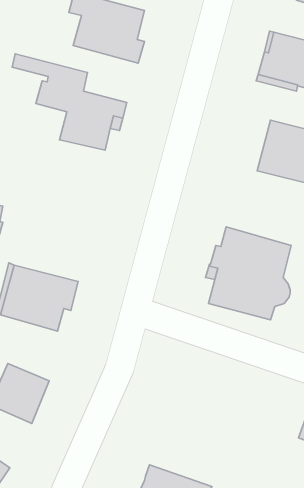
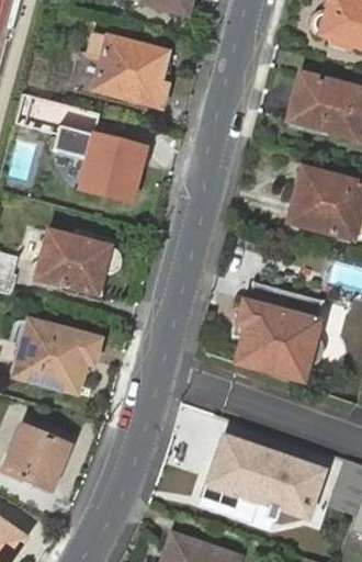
building: none -> [37,229,124,295]
building: none -> [208,437,324,516]

